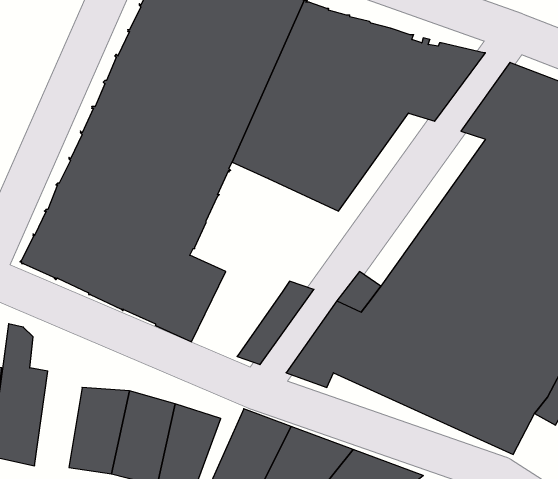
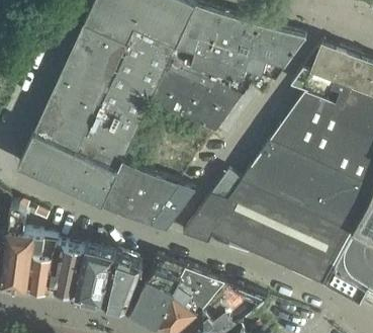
building: none -> [123,173,180,226]
building: none -> [26,235,58,296]

